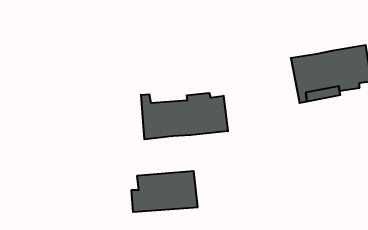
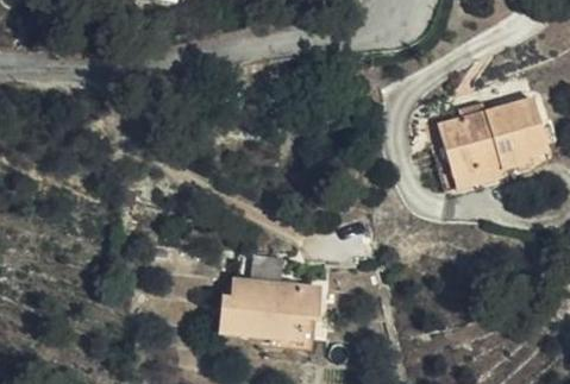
building: [141,93,228,139] -> none

